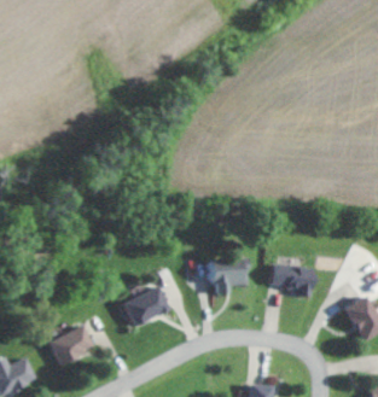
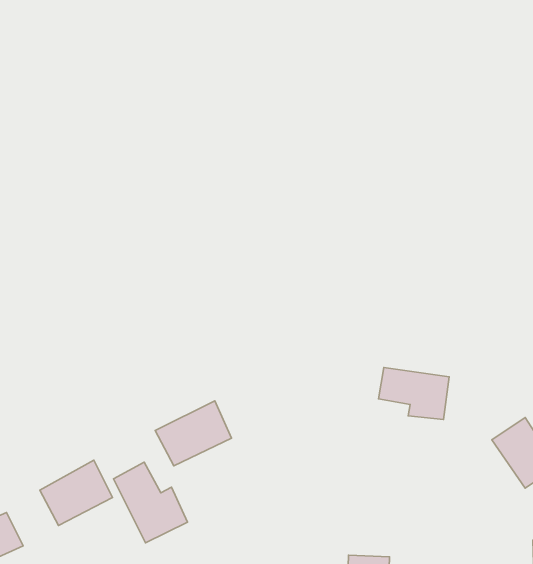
building: [207,259,248,294] -> none
building: none -> [113,462,188,543]

